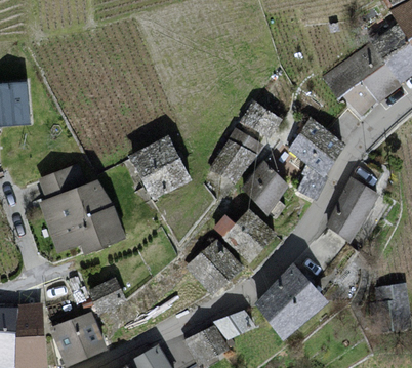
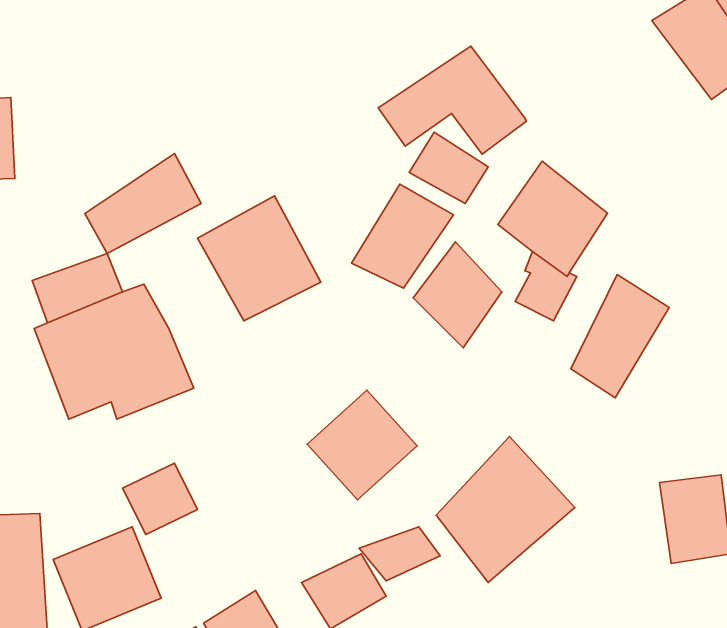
building: [323,45,402,103] -> [378,46,526,154]
building: none -> [85,154,201,253]
building: [212,208,277,262] -> none

